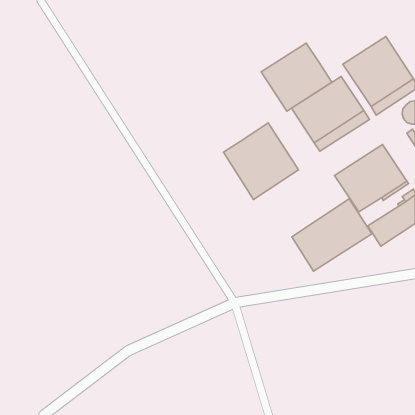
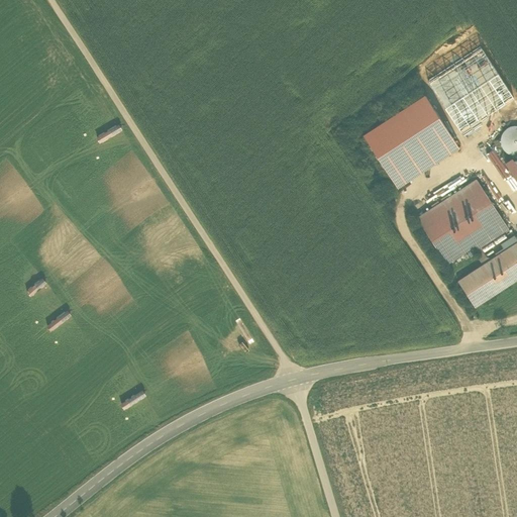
building: [261,43,332,111] -> none
building: [224,123,298,199] -> none
building: [292,199,372,271] -> none

